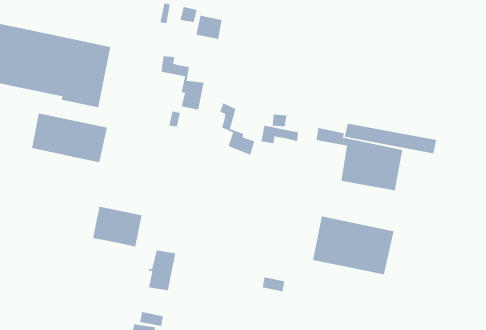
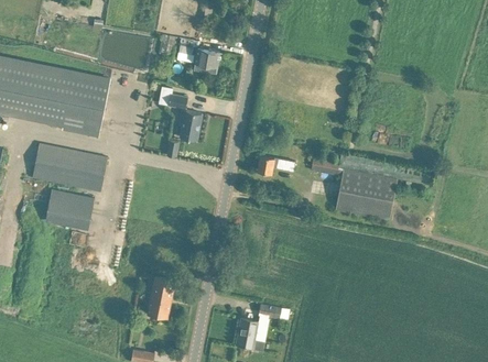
building: [219,102,255,156] -> none
building: [92,206,143,247] -> [44,189,94,230]
building: [312,215,395,275] -> none
building: none -> [235,319,258,350]

